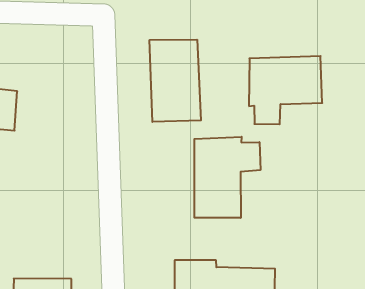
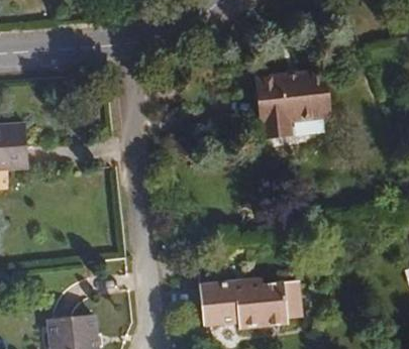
building: [150,40,201,122] -> none
building: [194,137,260,218] -> none

